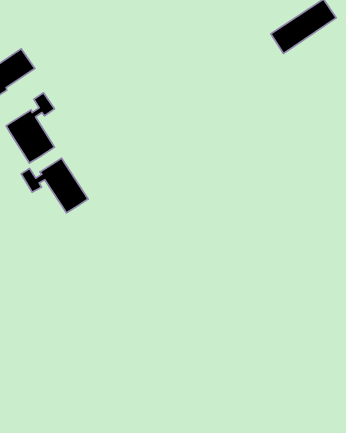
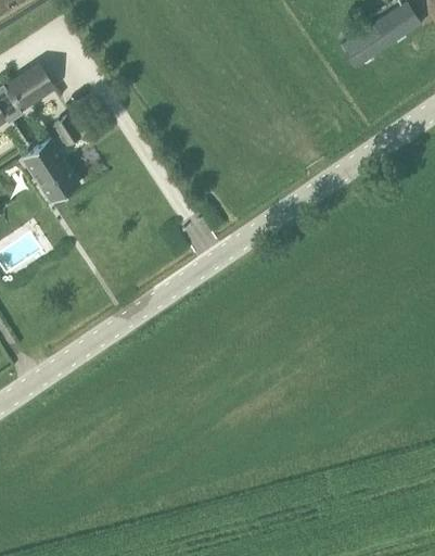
building: [21,158,88,213] -> none

